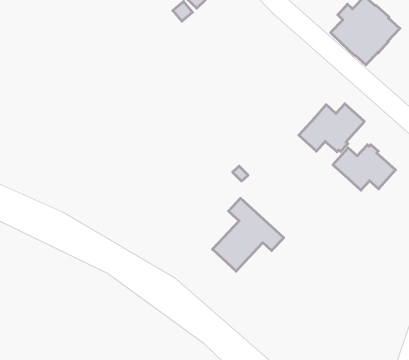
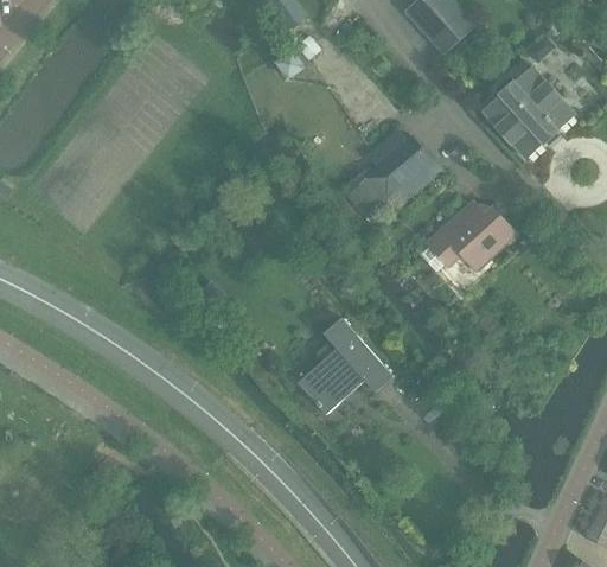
building: none -> [343,128,432,214]
building: [333,145,396,190] -> none

